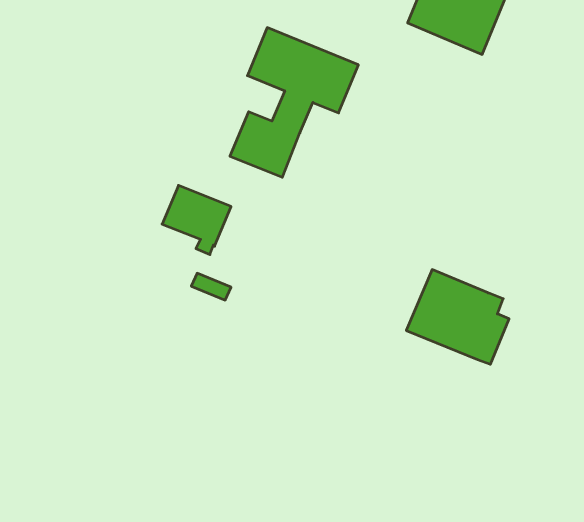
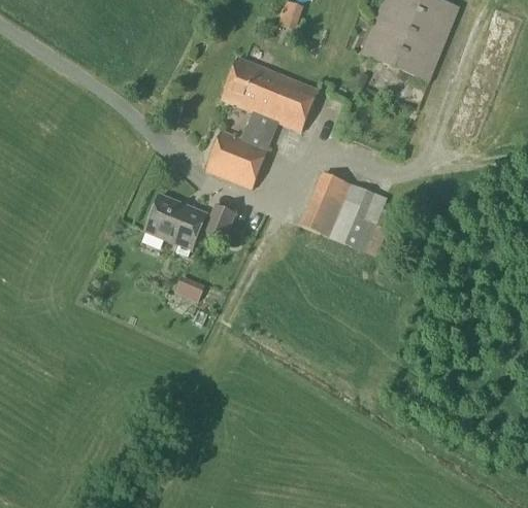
building: none -> [202,203,235,239]
building: [406,270,509,364] -> [300,171,391,255]

